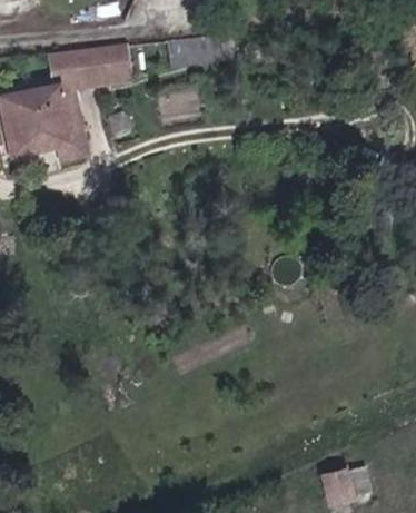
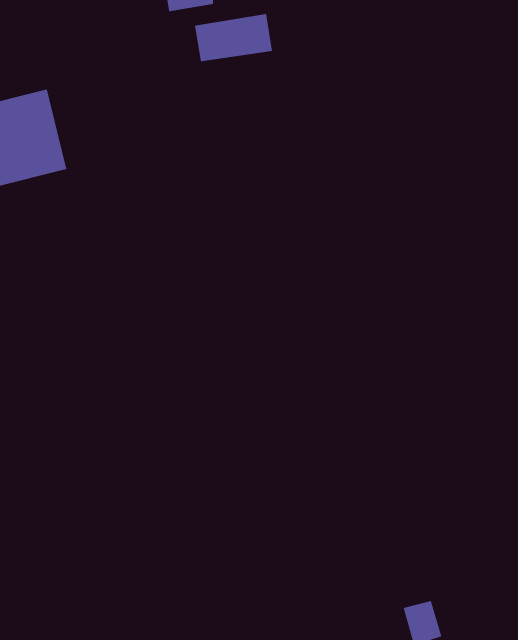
building: [61,42,138,78] -> none

